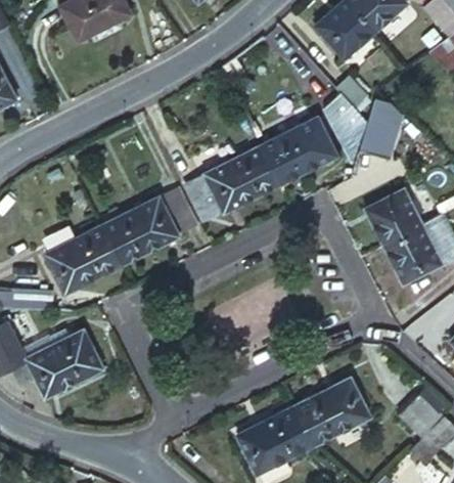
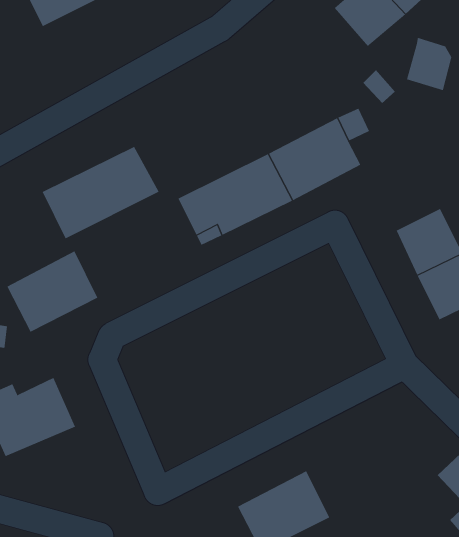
building: [360,117,398,161] -> [406,37,452,91]
building: [102,187,199,264] -> [42,146,159,239]
building: [293,379,369,445] -> none

